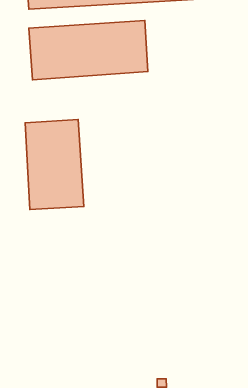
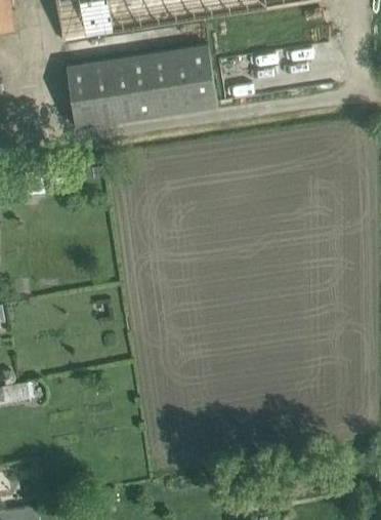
building: [25,119,84,209] -> none

